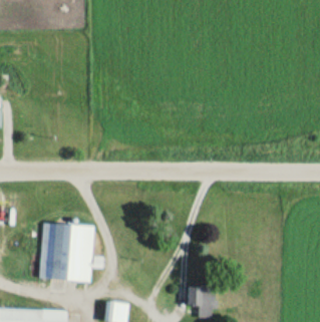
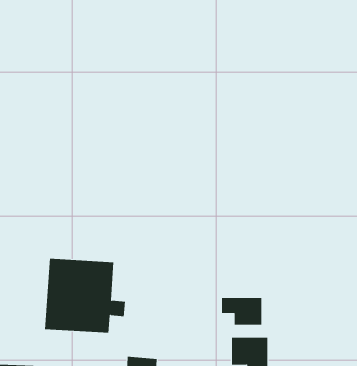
building: none -> [222,297,262,325]

